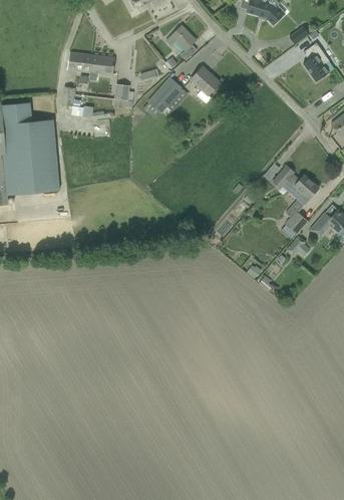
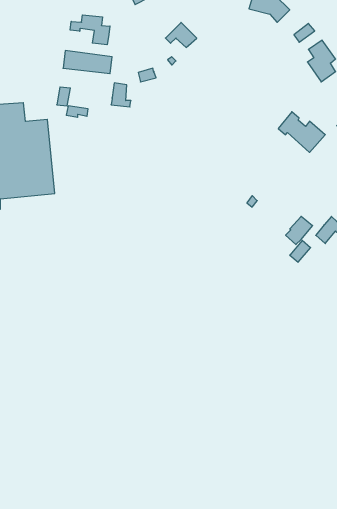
building: none -> [70,15,110,45]
building: [192,66,221,102] -> none
building: [142,77,184,119] -> none
building: [274,166,319,205] -> [278,112,325,152]

